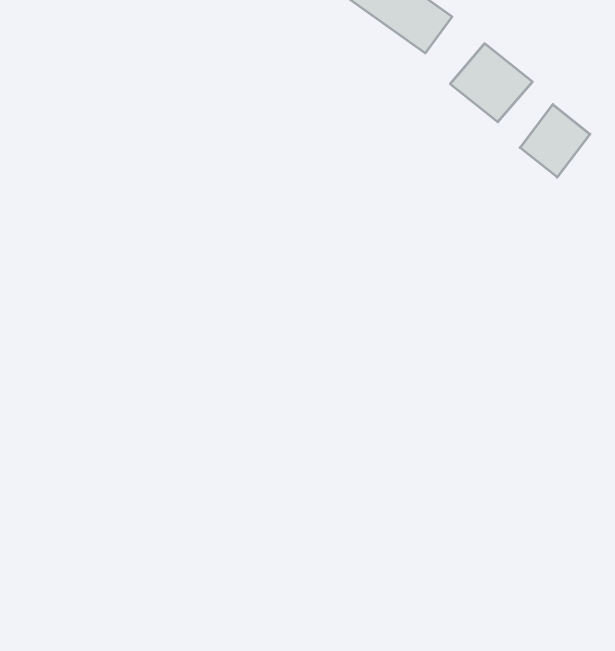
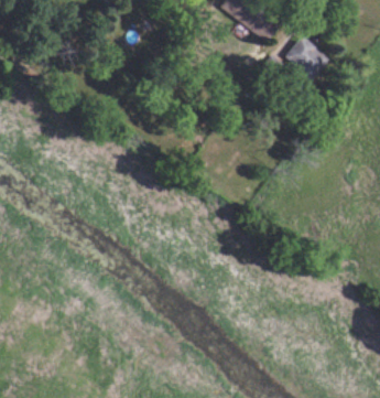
building: [520,104,590,177] -> none

